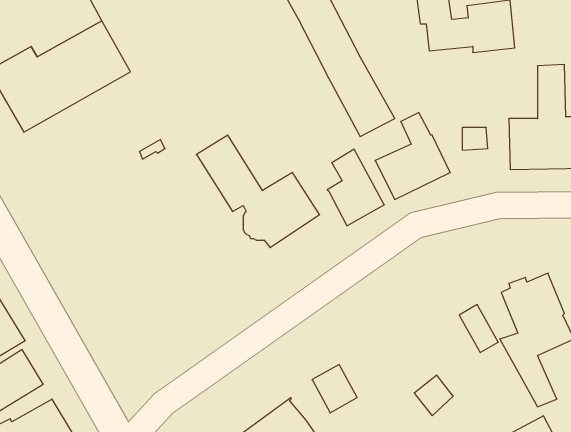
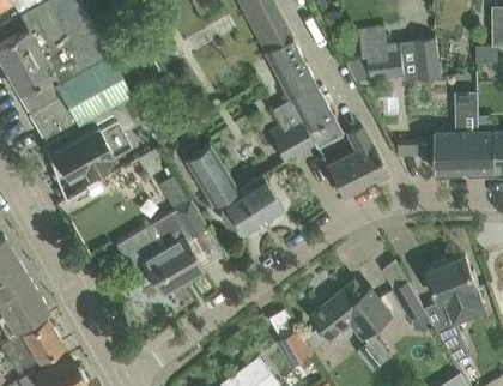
building: none -> [42,96,143,181]
building: [327,149,384,226] -> [268,101,314,162]
building: none -> [115,176,207,296]
building: none -> [311,283,393,343]

